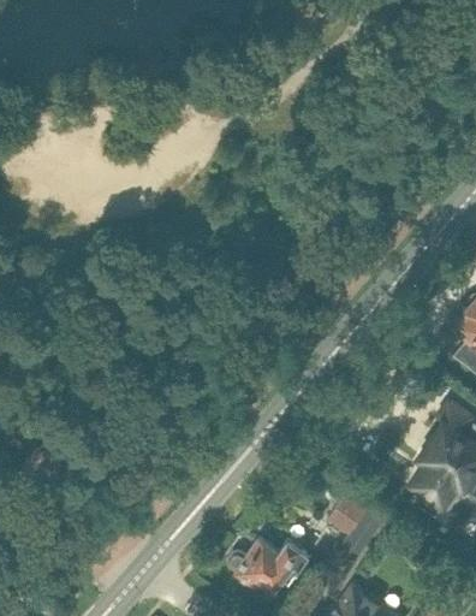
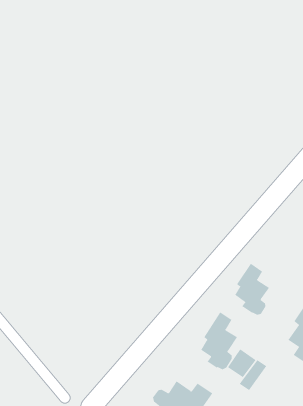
building: none -> [234,263,270,316]
building: none -> [200,312,238,370]

